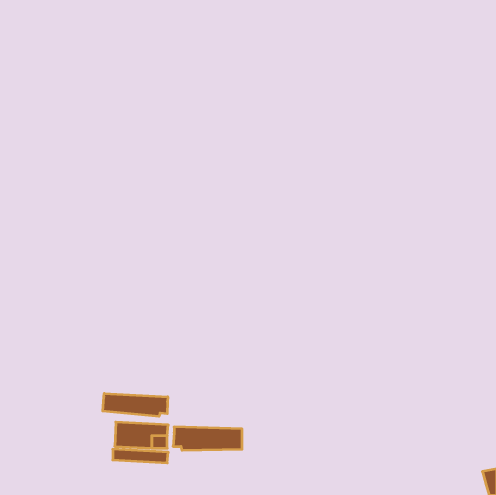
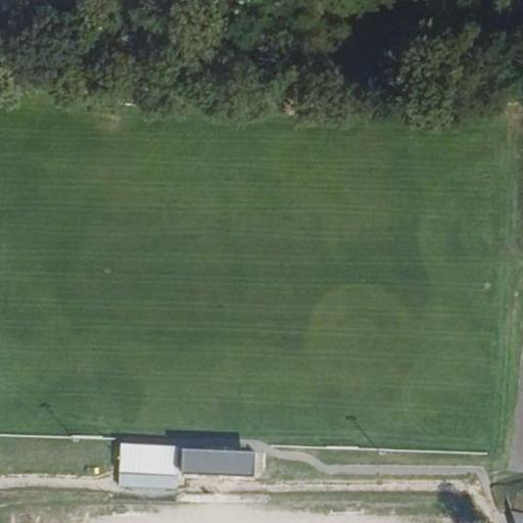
building: [103,393,168,416] -> none

